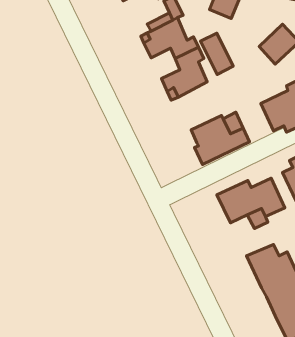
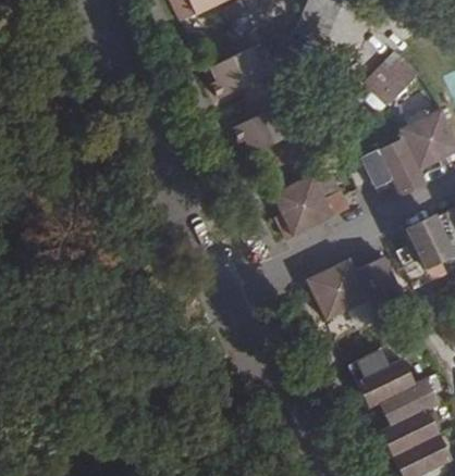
building: [200,33,233,75] -> none

